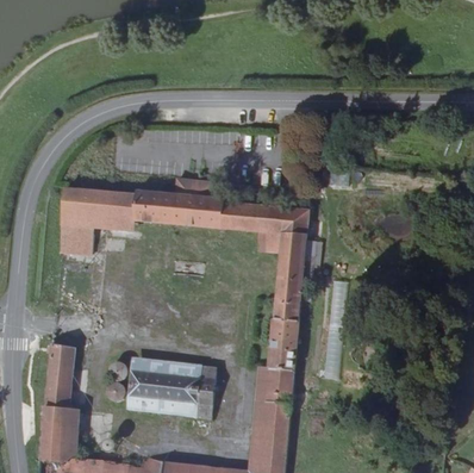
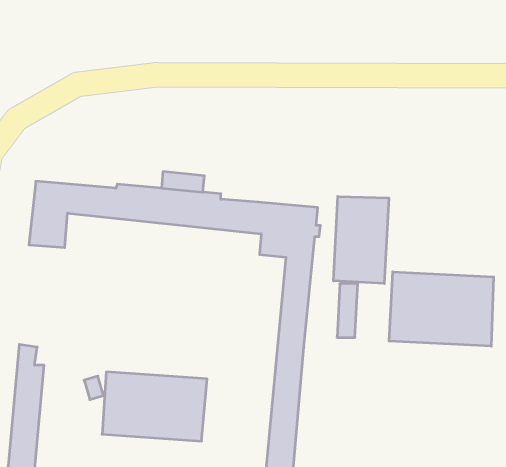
building: none -> [334,196,389,284]
building: none -> [389,272,494,346]

